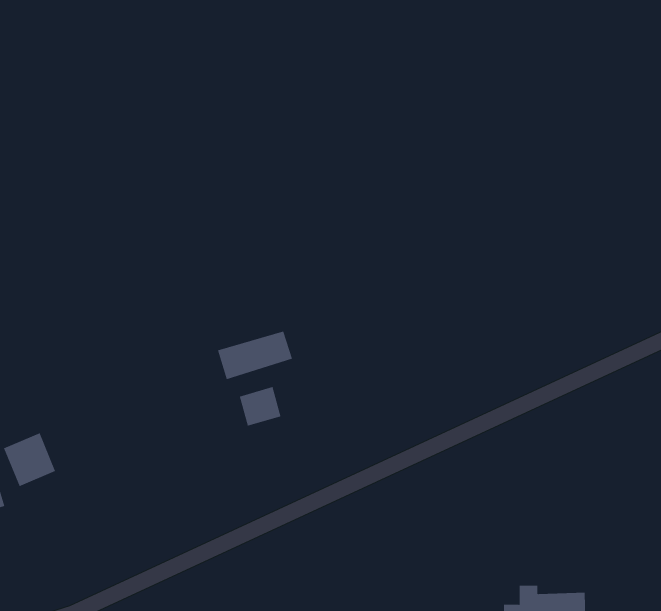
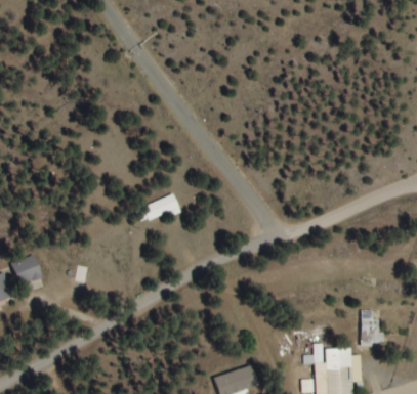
building: [239,386,281,427] -> none
building: none -> [360,310,381,345]

